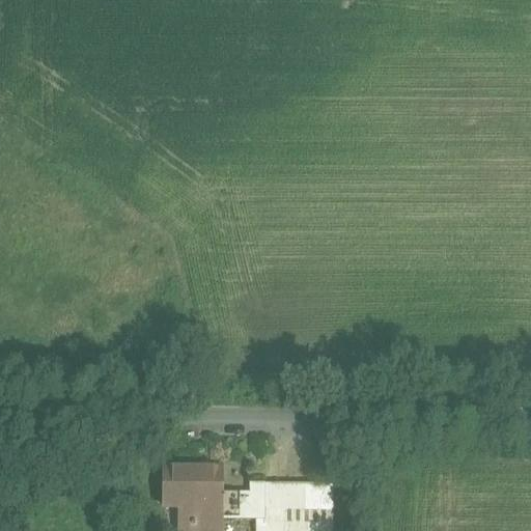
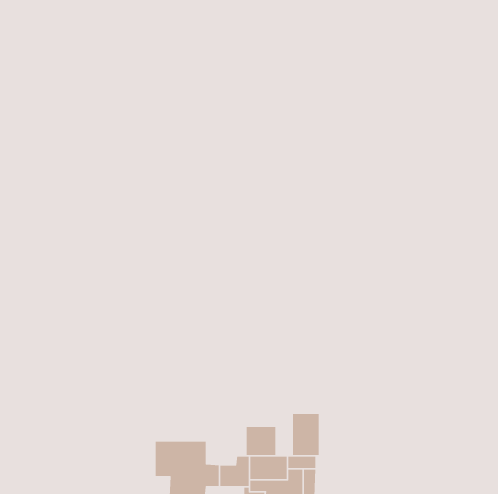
building: none -> [292,413,320,456]
building: none -> [246,426,276,456]

